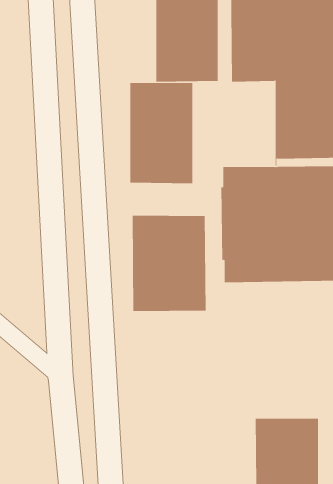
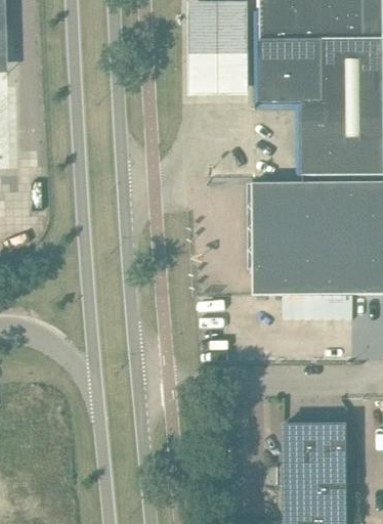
building: [130,82,193,184] -> none
building: [132,215,206,312] -> none

